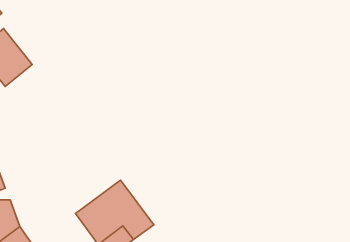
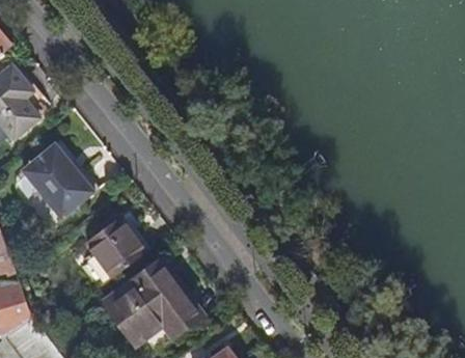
building: none -> [25,141,97,216]
building: none -> [86,217,144,277]

